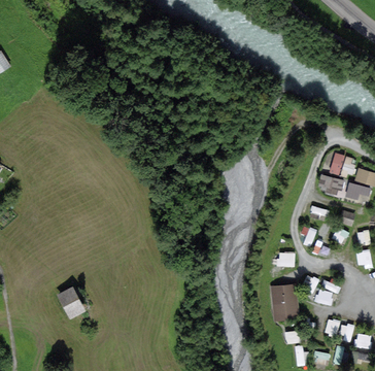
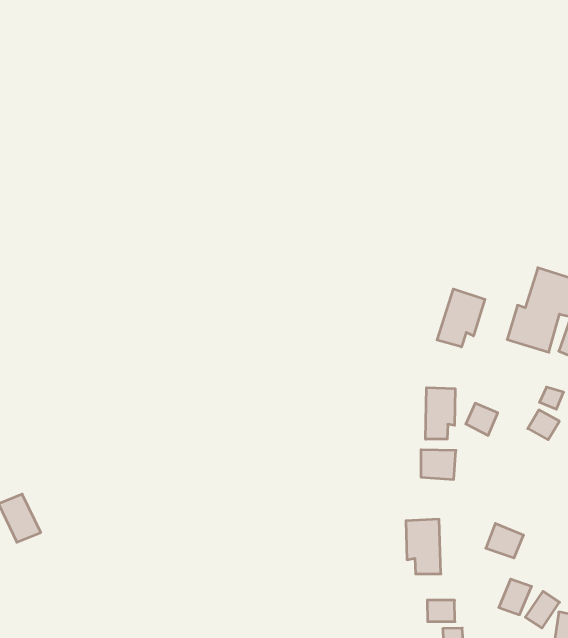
building: none -> [437,289,485,347]
building: none -> [426,388,455,439]

